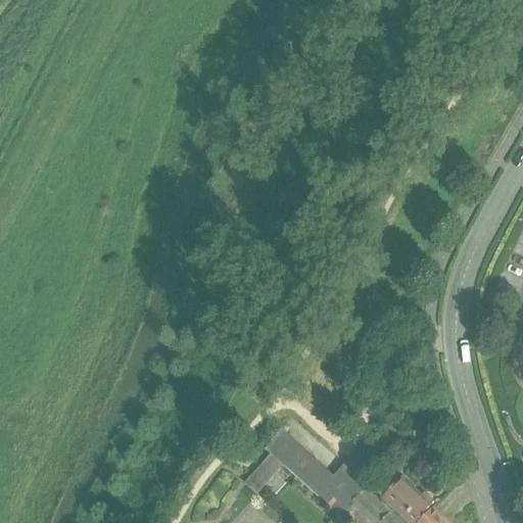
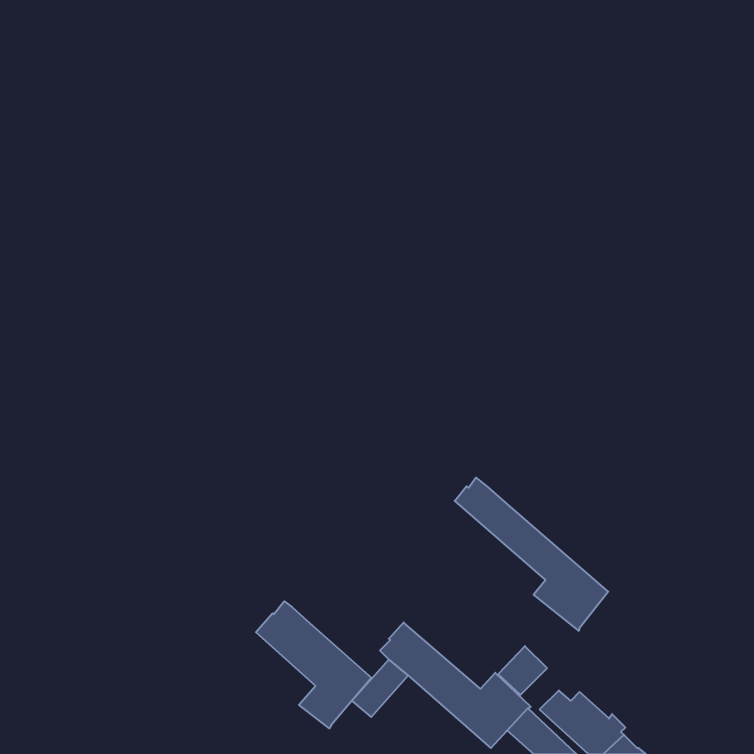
building: none -> [455,478,608,631]
building: none -> [256,601,372,728]

